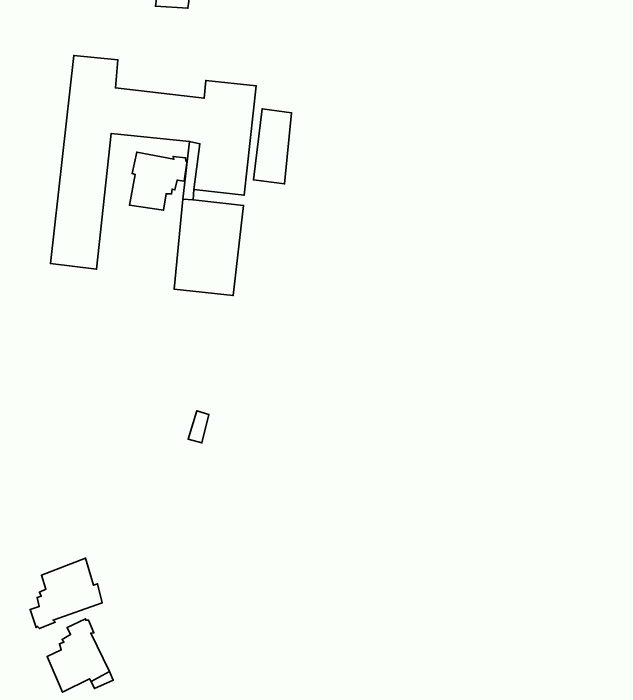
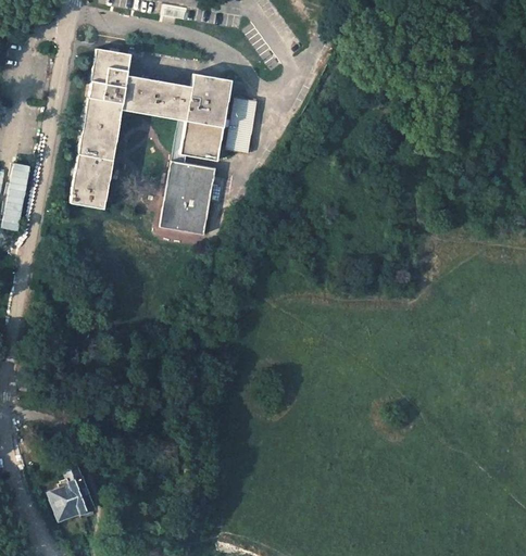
building: [130,152,187,210] -> none
building: [30,558,102,628] -> none

